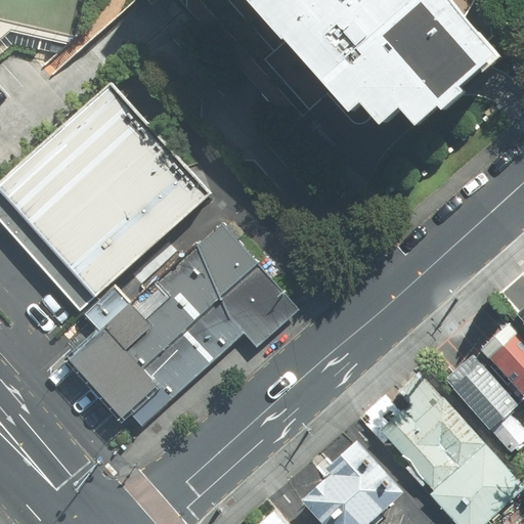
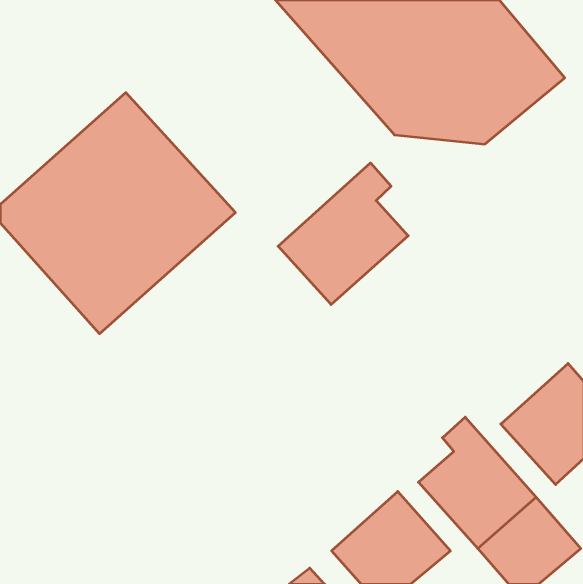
building: none -> [278,163,408,305]
building: [70,223,285,430] -> none

